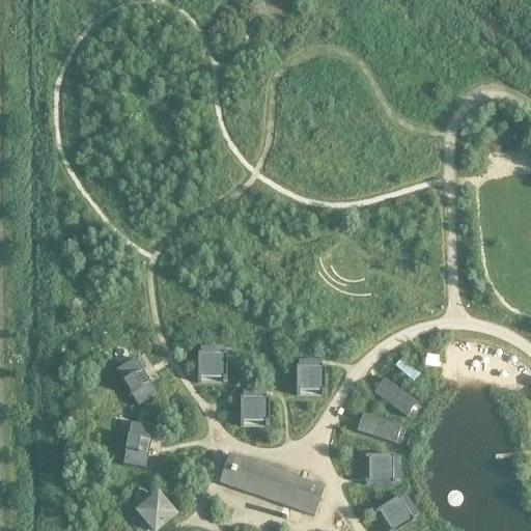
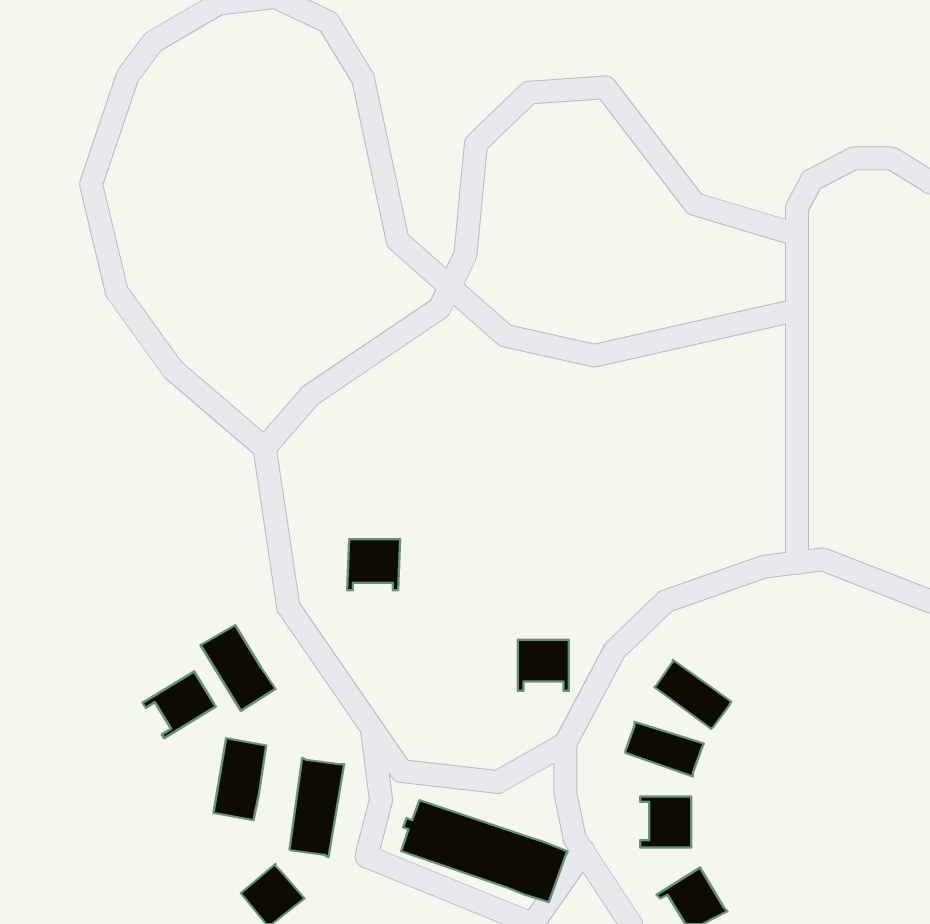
building: [196,351,226,380] -> [347,539,400,590]
building: none -> [143,671,216,738]
building: [239,394,268,424] -> none
building: none -> [289,758,344,857]

